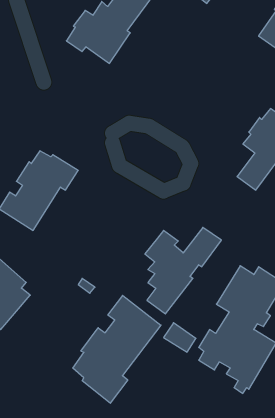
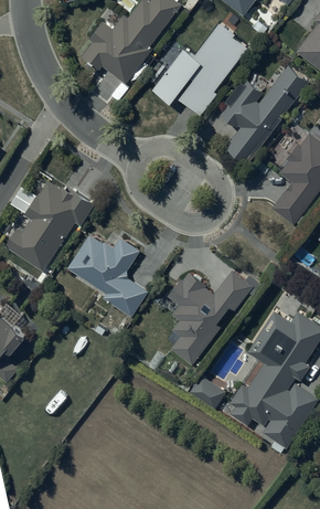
building: none -> [151,21,247,116]
building: none -> [221,65,310,166]
building: none -> [66,233,148,316]
building: [73,295,161,403] -> none

